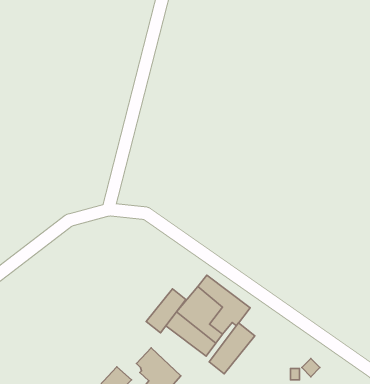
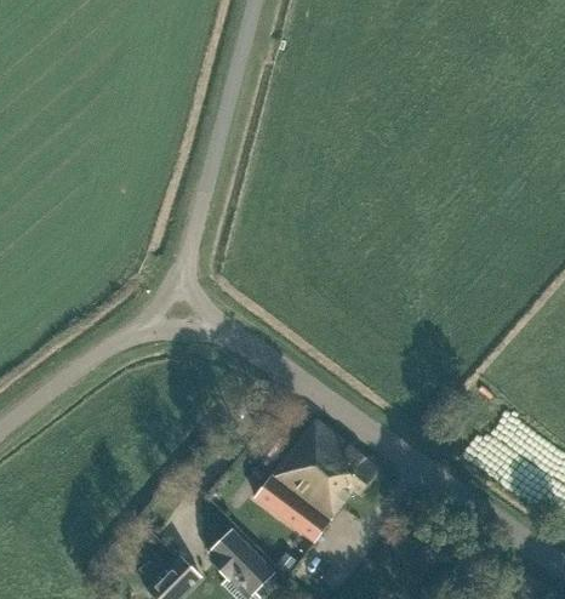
building: [146,289,186,333] -> none
building: [209,323,255,374] -> none

